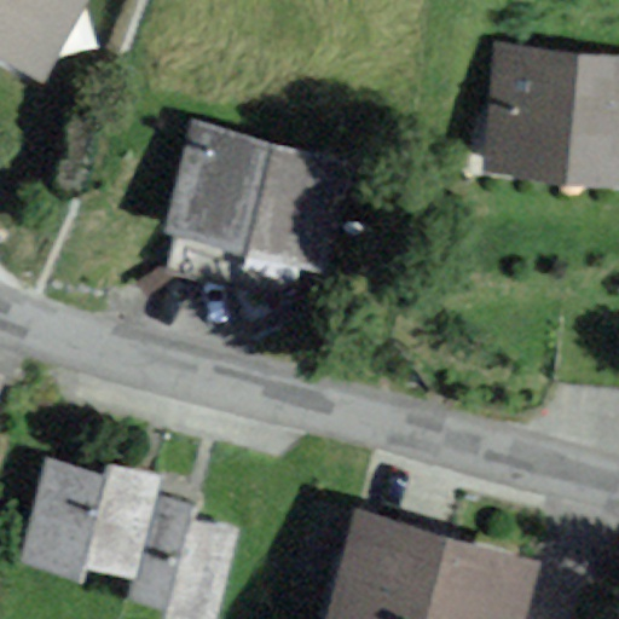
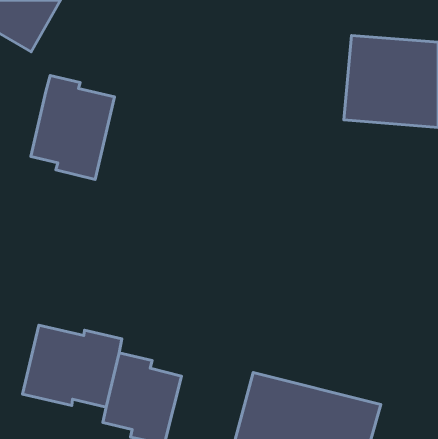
building: none -> [31,75,114,179]
building: [156,125,342,270] -> none

